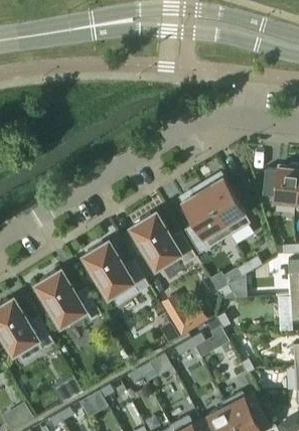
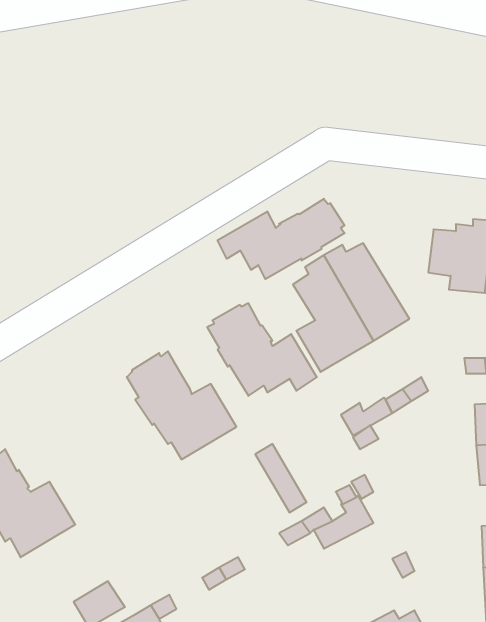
building: none -> [218,199,345,279]
building: [36,271,101,325] -> none

